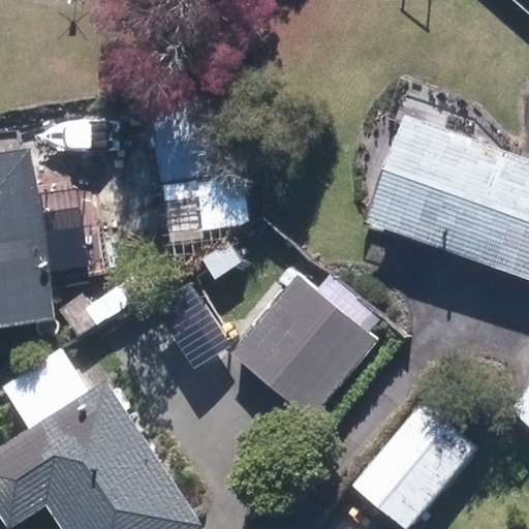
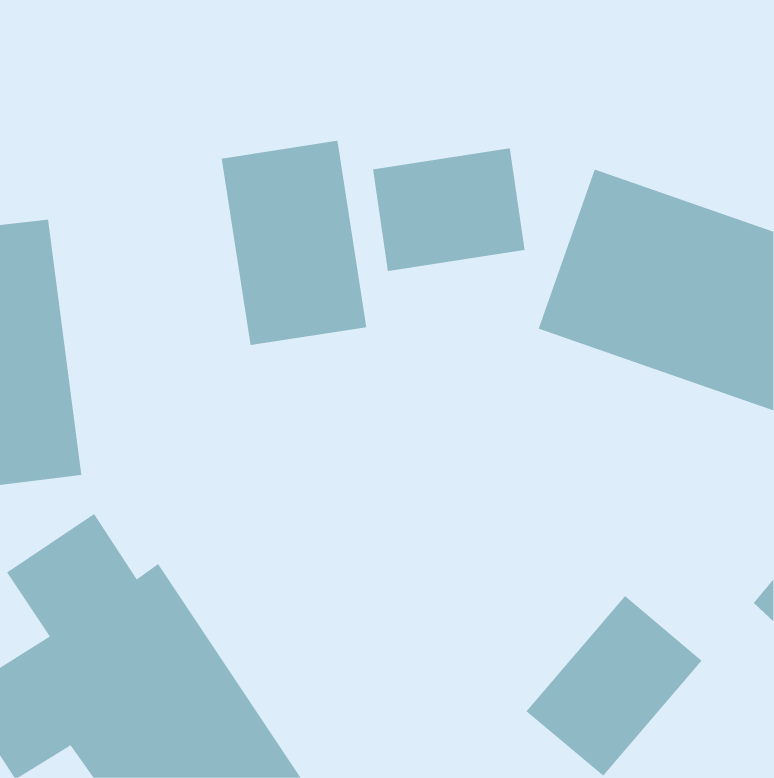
building: none -> [372,148,525,272]
building: [231,275,380,423] -> none

